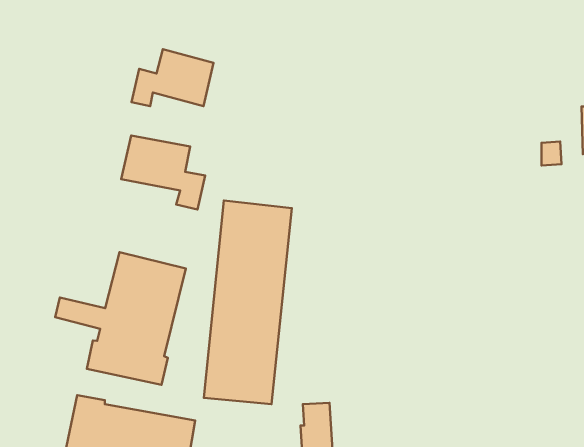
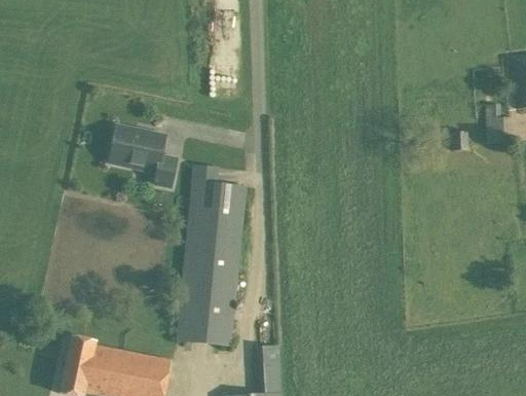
building: [132,49,213,106] -> none
building: [55,252,186,385] -> none

